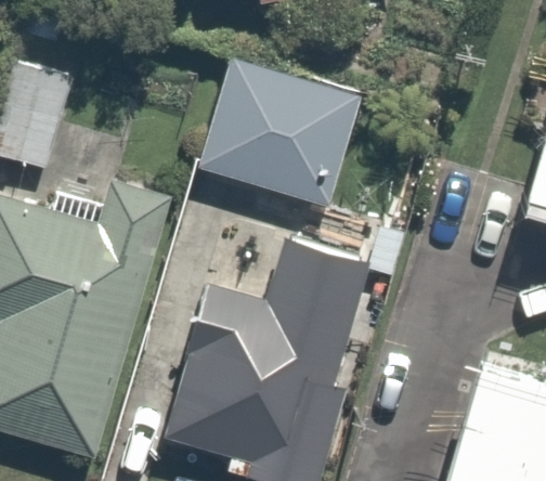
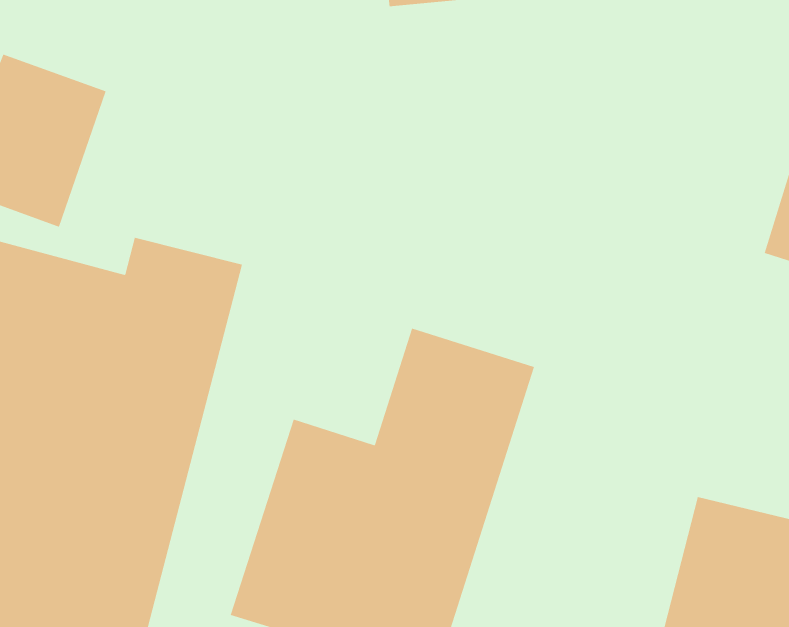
building: [193,54,366,211] -> none

